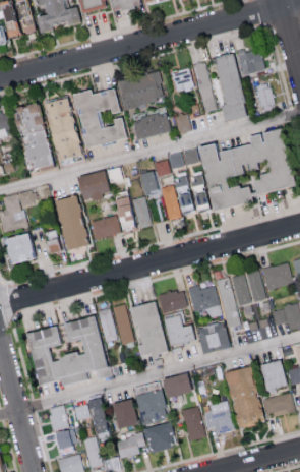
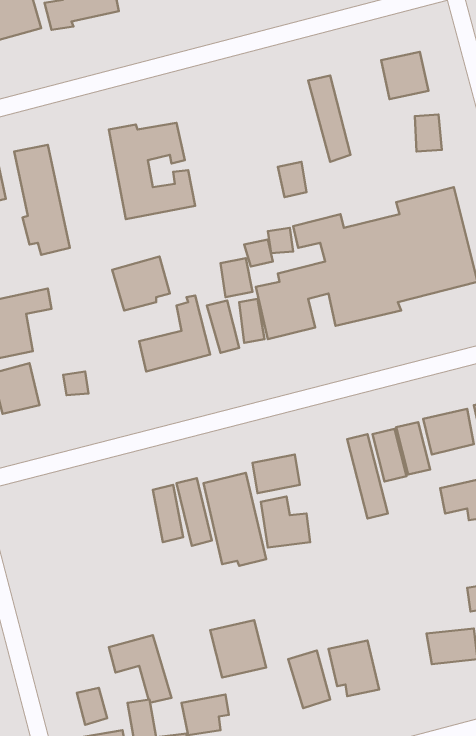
building: [213,53,247,121] -> none
building: [172,67,195,93] -> none
building: [118,72,165,109] -> none
building: [44,98,79,162] -> none
building: [131,112,171,140] -> none
building: [55,195,87,250] -> none
building: [189,285,222,317] -> none
building: [24,314,113,383] -> none
building: [197,320,230,353] -> none
building: [260,359,286,390] -> none
building: [227,366,261,426] -> none
building: [162,372,190,397] -> none
building: [112,399,134,426] -> none
building: [49,405,69,430] -> none
building: [145,422,173,451] -> none

